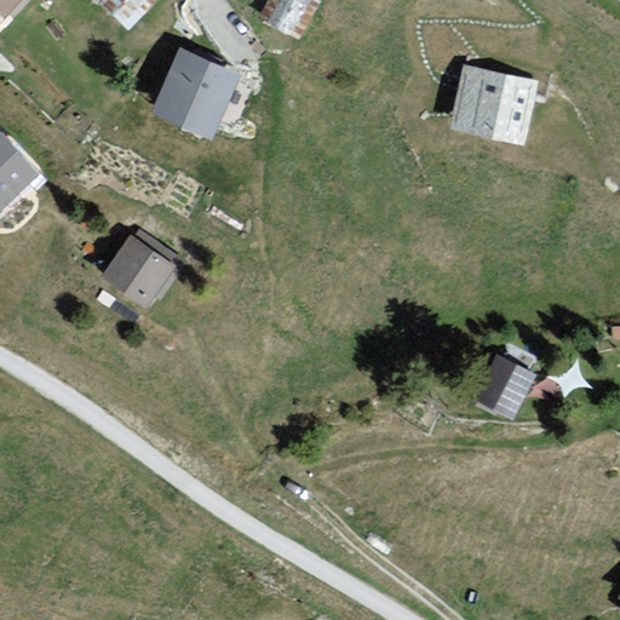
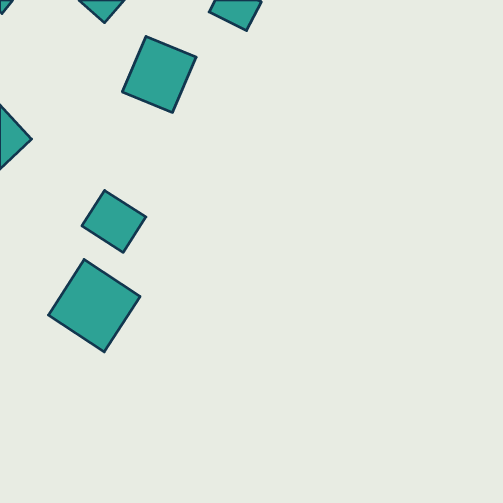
building: [450,65,540,142] -> none
building: none -> [48,259,140,352]
building: [473,354,538,417] -> none

